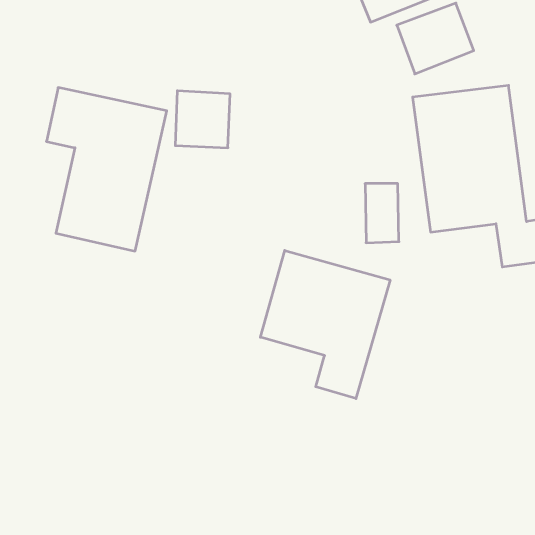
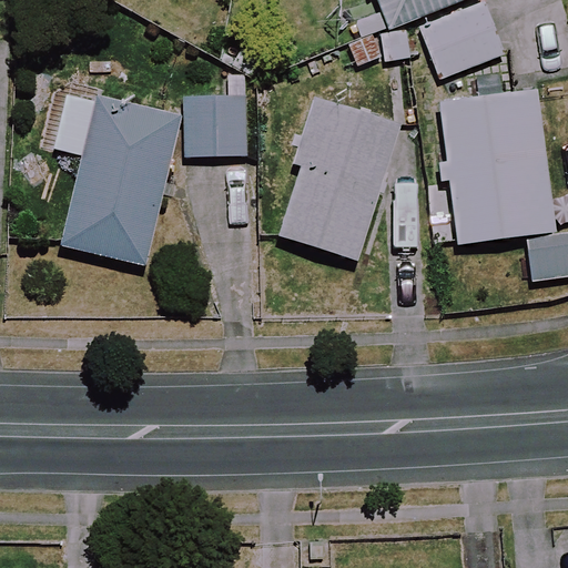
building: none -> [278,97,398,258]
building: [260,250,390,399] -> none

